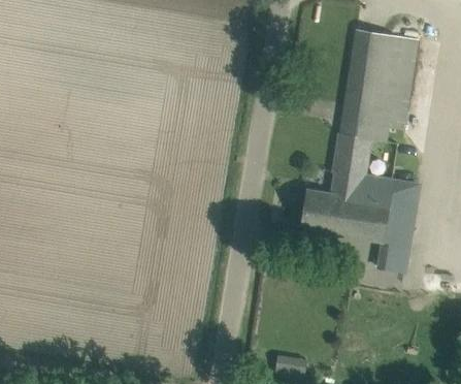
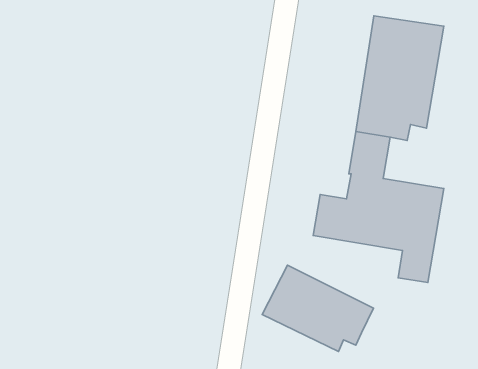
building: none -> [262,265,374,352]

